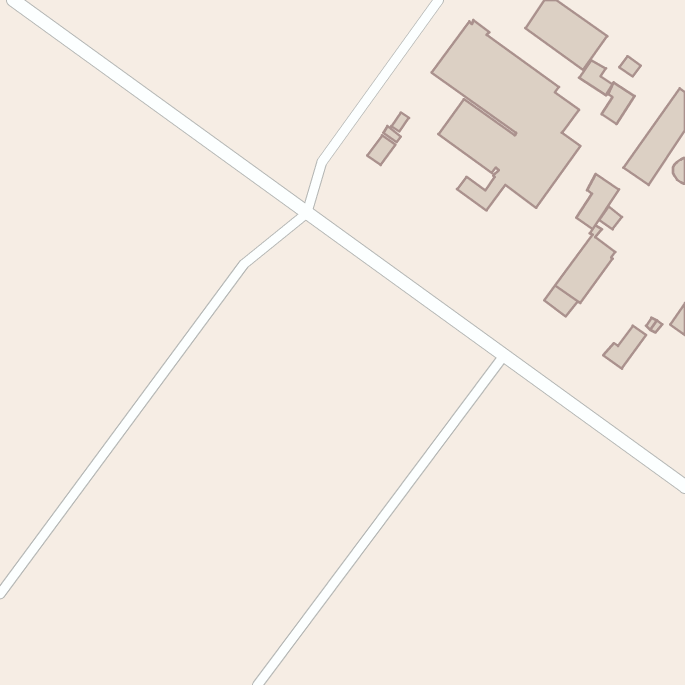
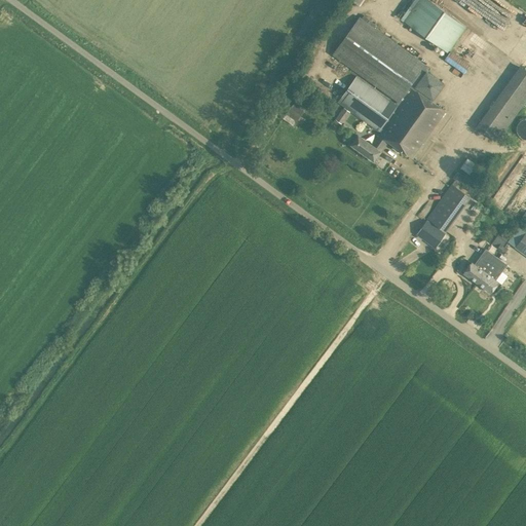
building: [602,82,635,124] -> none
building: [576,174,619,229] -> none
building: none -> [477,257,506,293]

